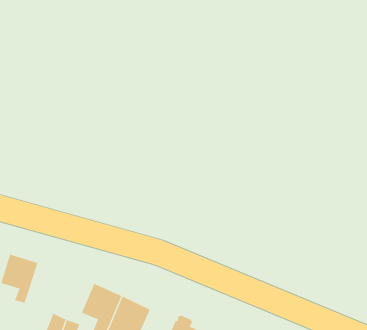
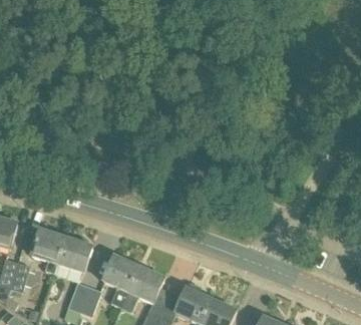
building: none -> [56,237,91,272]

